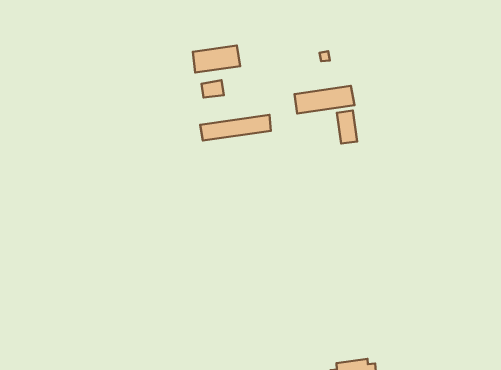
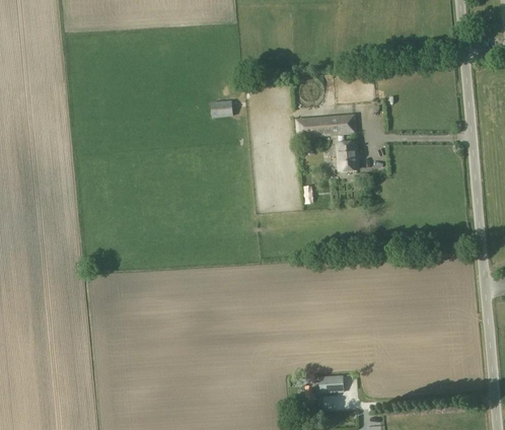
building: [193,46,240,73] -> none
building: [200,115,271,140] -> none

